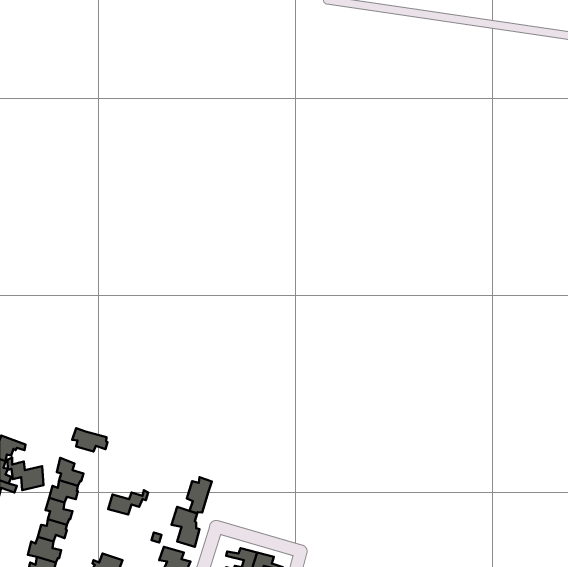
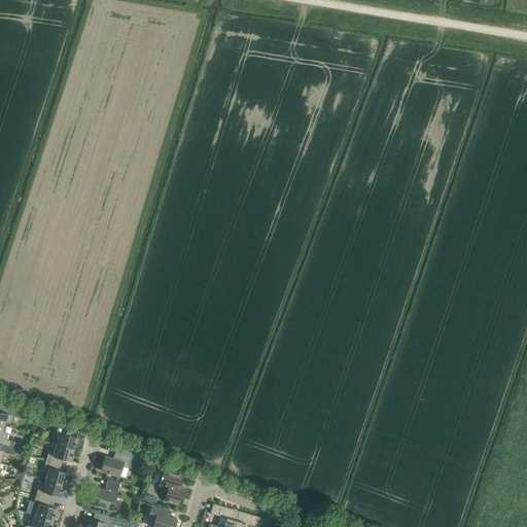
building: [72,428,107,451] -> none
building: [7,457,43,490] -> none
building: [187,477,212,513] -> none
building: none -> [91,481,119,512]

